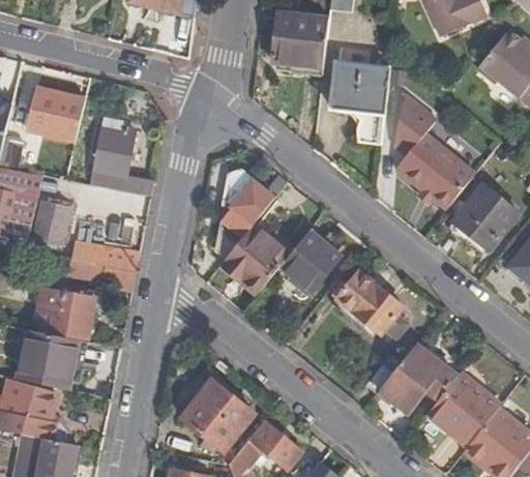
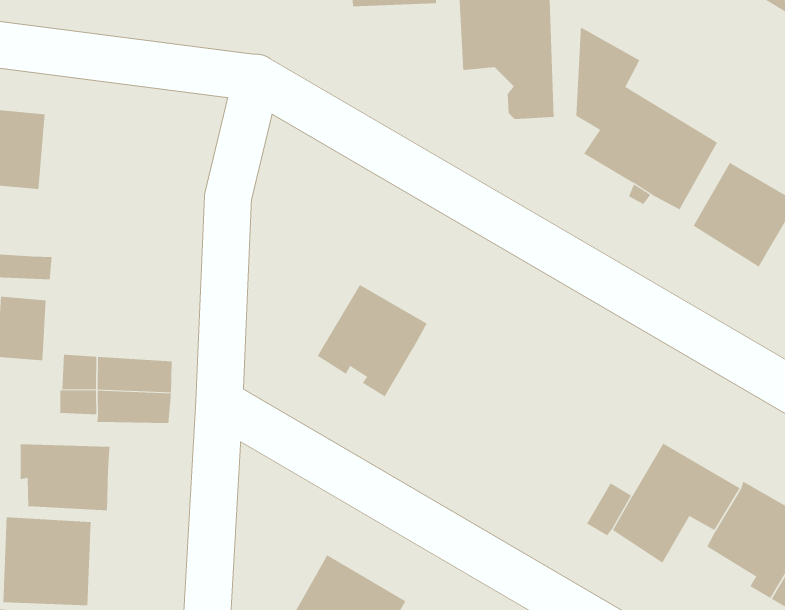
building: [88,116,152,197] -> none
building: [216,171,275,258] -> none
building: [279,230,341,292] -> none
building: [337,270,408,336] -> none

